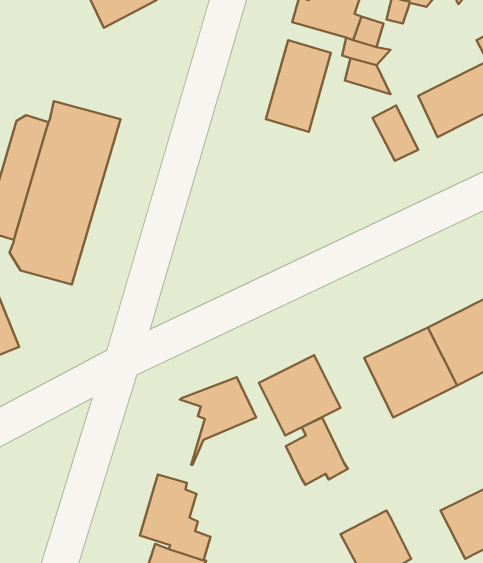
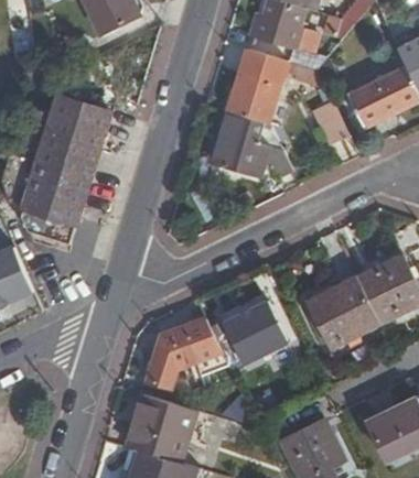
building: none -> [214,111,292,176]
building: none -> [147,334,180,385]
building: [286,418,348,485] -> none

